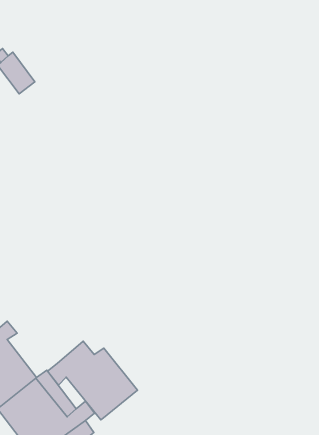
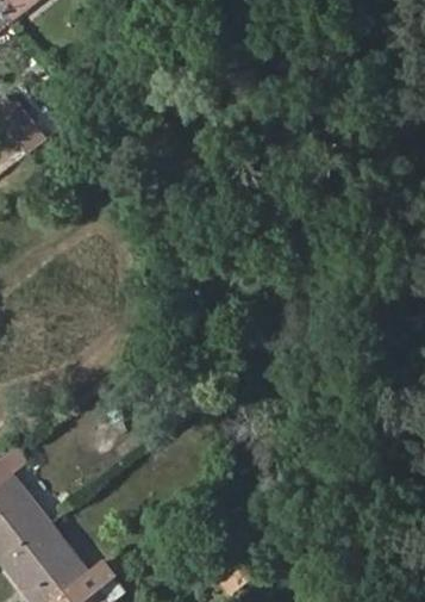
building: [48,341,137,420] -> none

